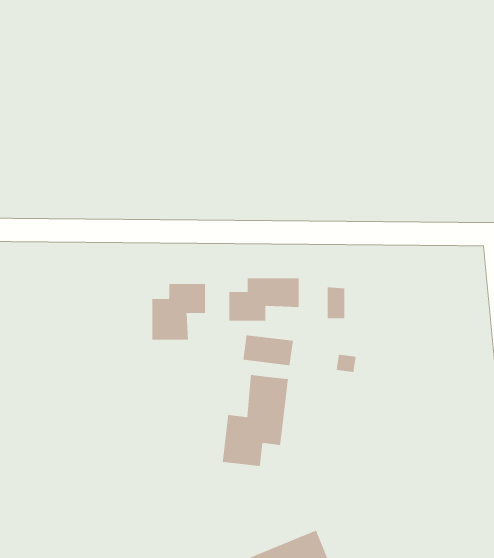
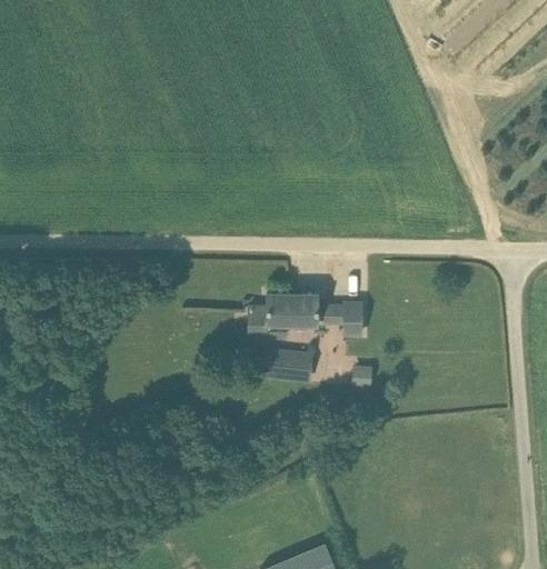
building: [152,283,206,341] -> none
building: [222,374,288,467] -> none

